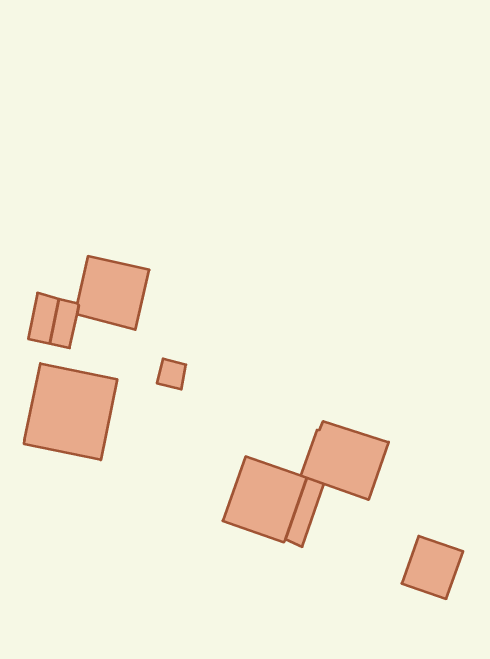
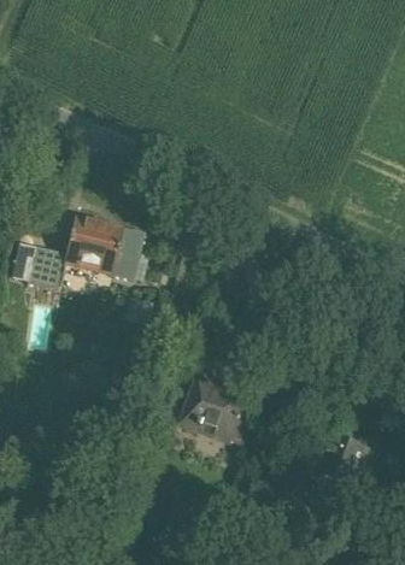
building: none -> [111,228,143,278]
building: [24,363,117,460] -> none
building: [301,421,389,500] -> none

